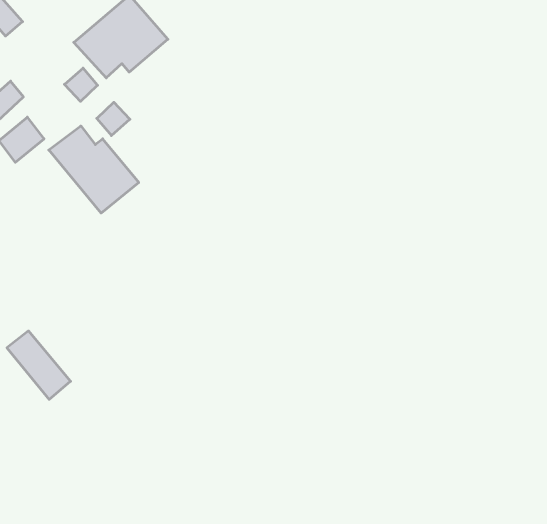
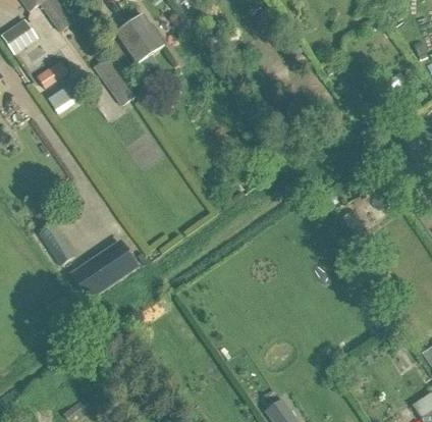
building: [49,126,139,213] -> none
building: none -> [71,243,133,298]

